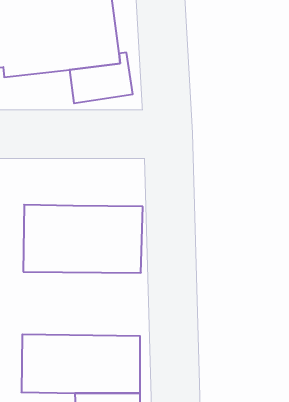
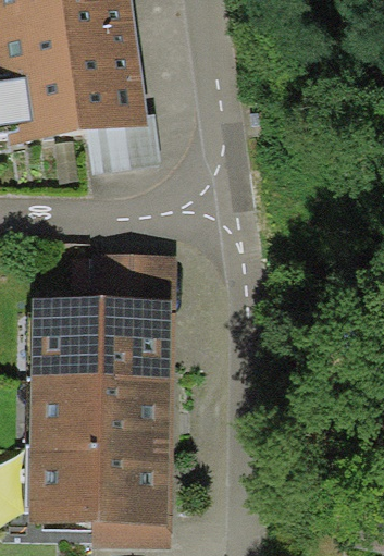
building: none -> [89,254,174,298]
building: none -> [28,376,171,454]

